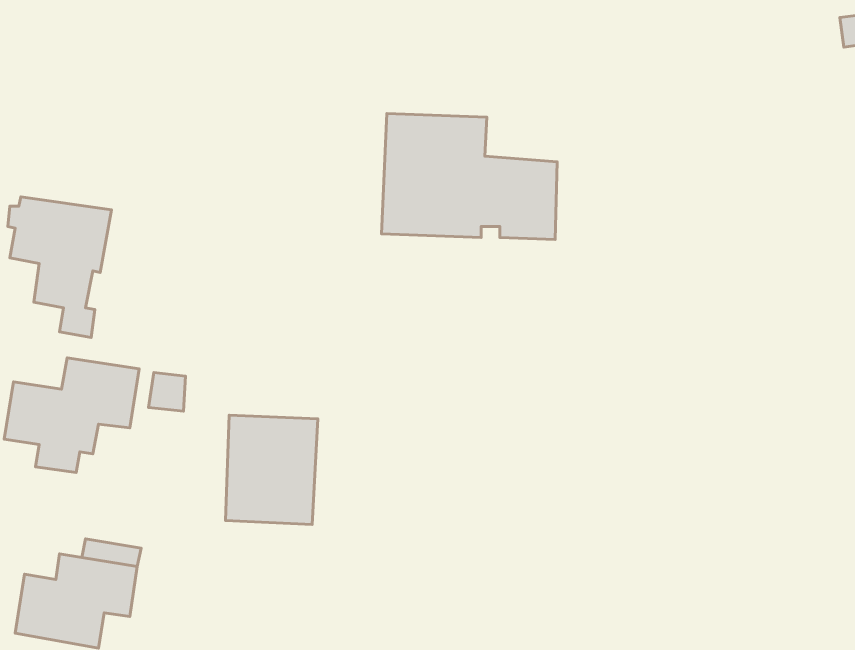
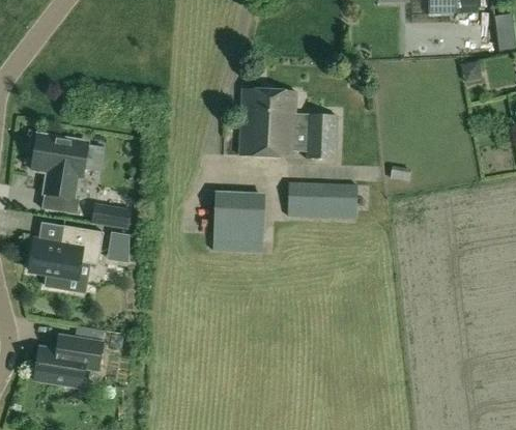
building: none -> [287,182,357,219]
building: none -> [91,207,130,229]
building: [225,415,318,524] -> [213,191,265,252]

